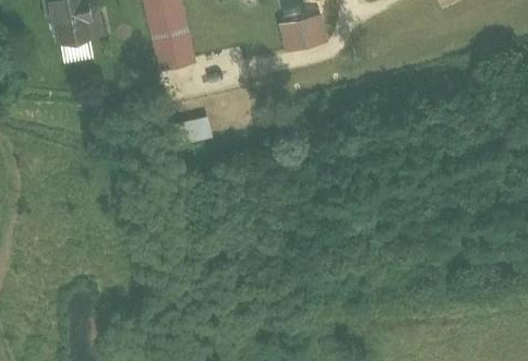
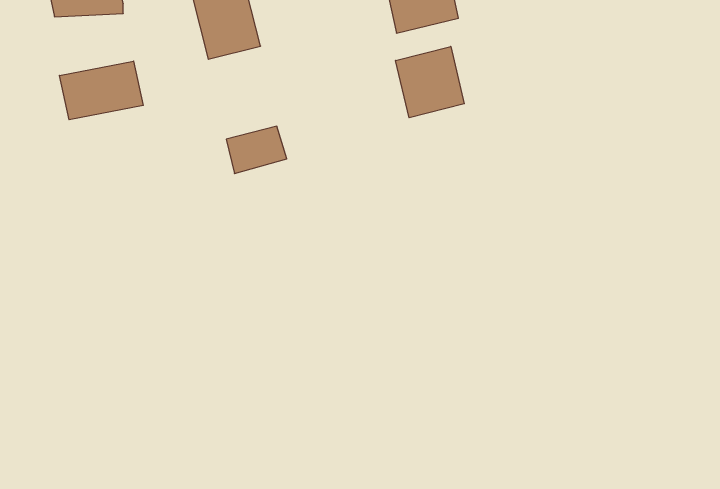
building: none -> [396,46,464,118]
building: none -> [59,61,143,120]

